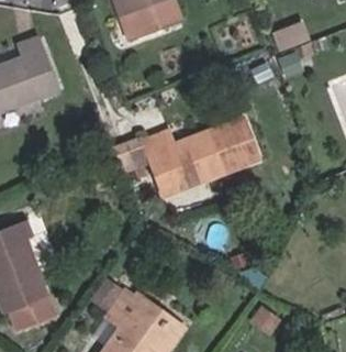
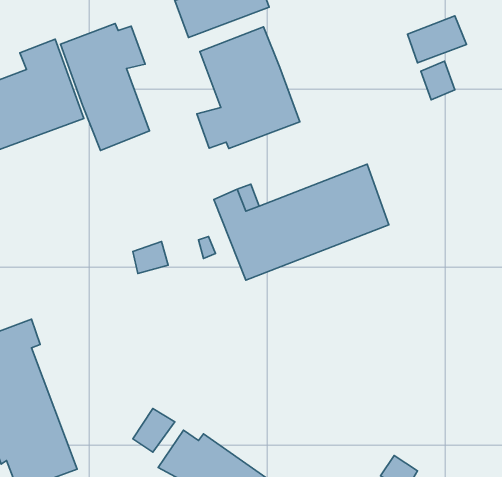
building: none -> [61,24,150,151]
building: none -> [197,27,300,149]

